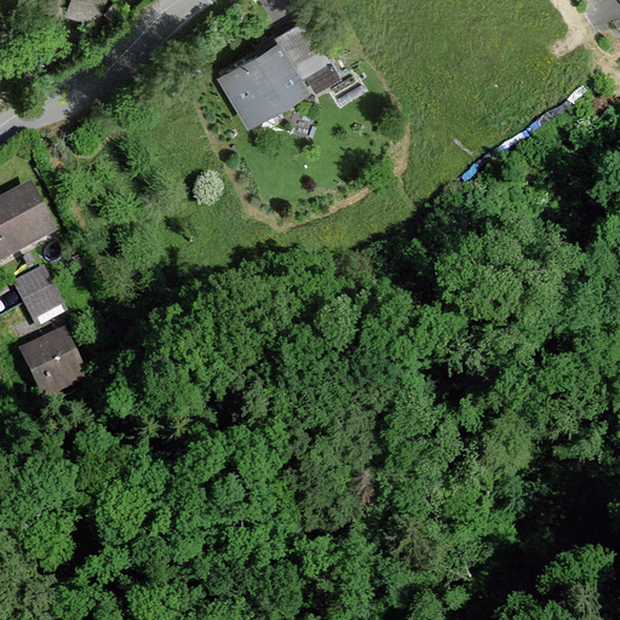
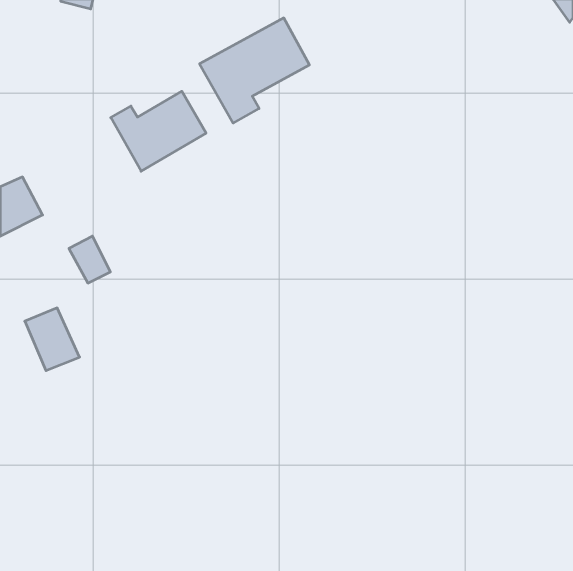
building: none -> [111,91,206,171]
building: [16,275,61,326] -> [69,236,110,283]

